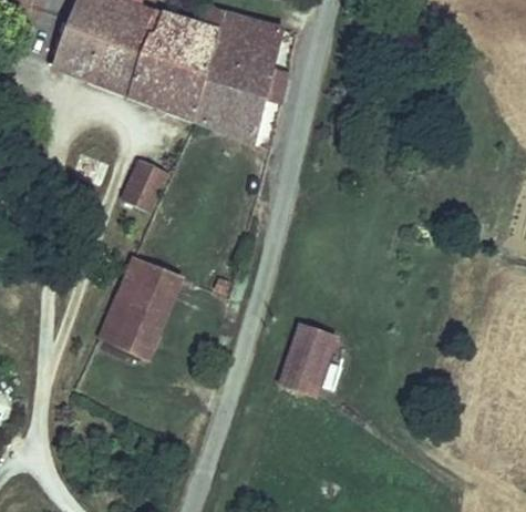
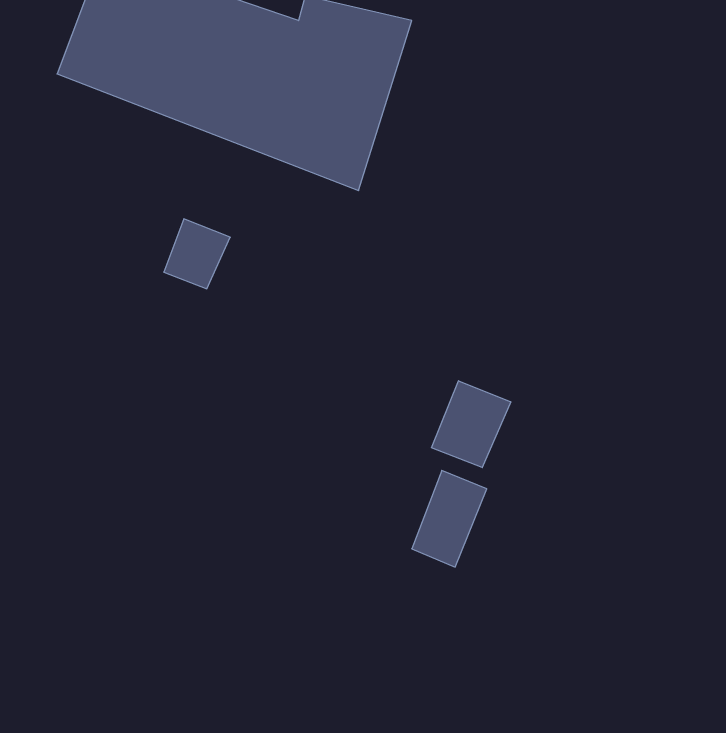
building: [103,256,181,360] -> none
building: none -> [431,381,511,468]

